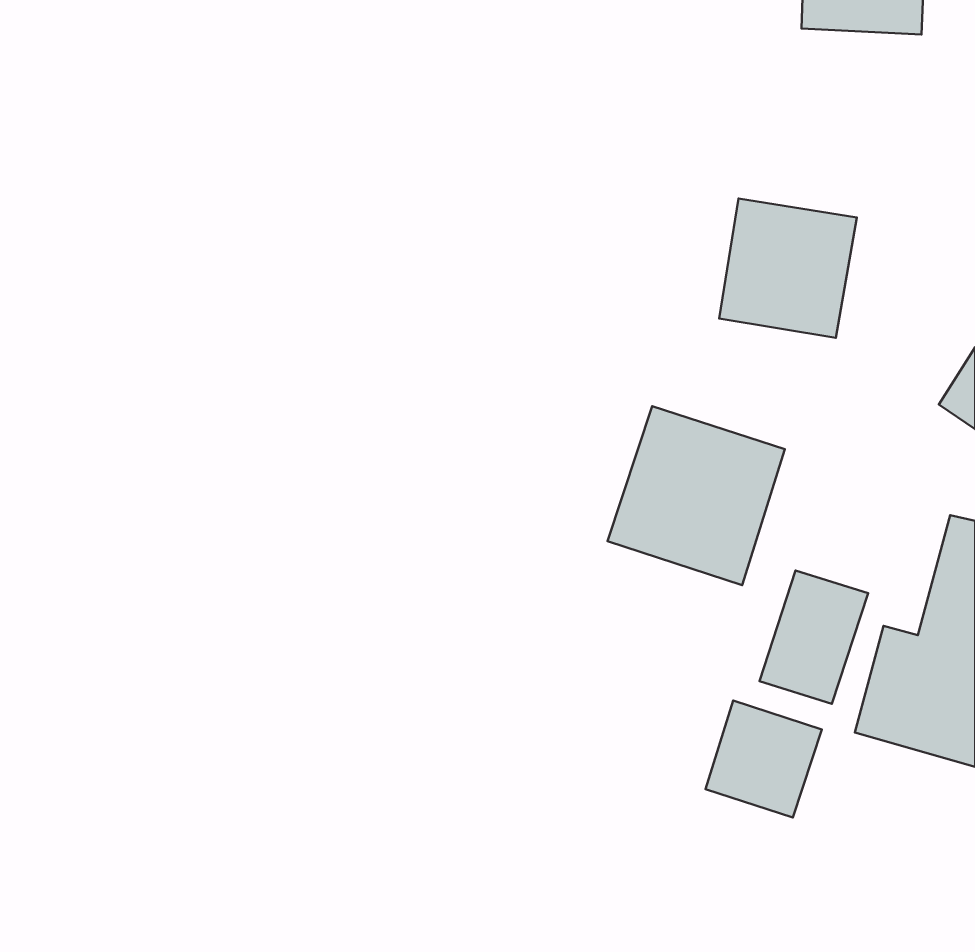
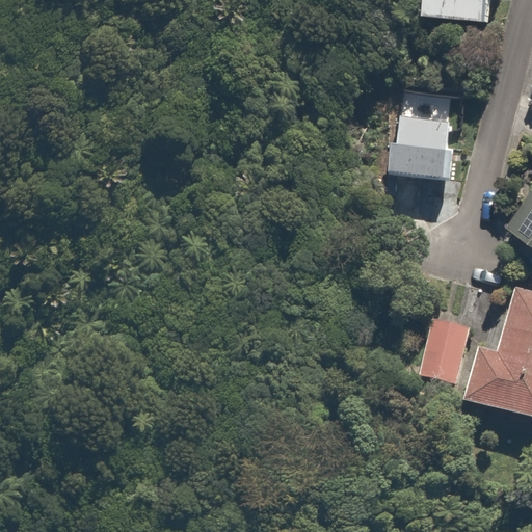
building: [607,406,785,585] -> none
building: [705,701,822,818] -> none

